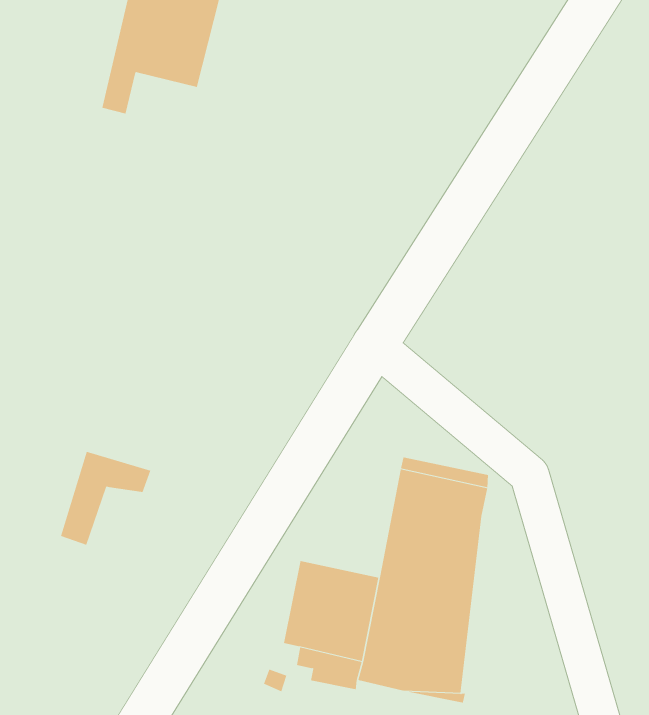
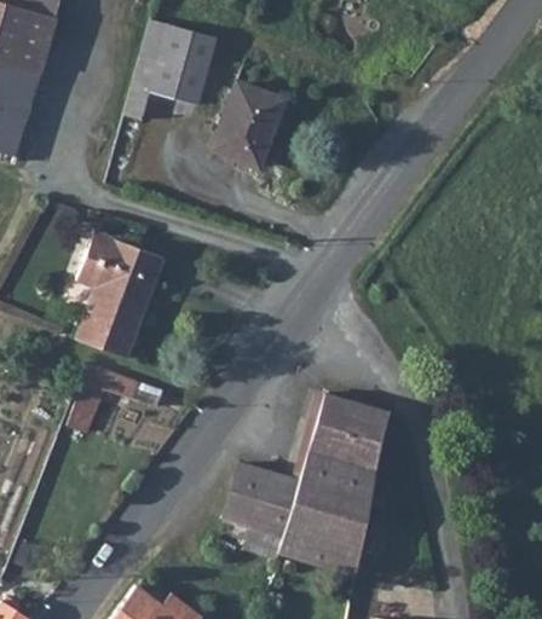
building: none -> [213,80,287,164]
building: none -> [74,230,161,357]

